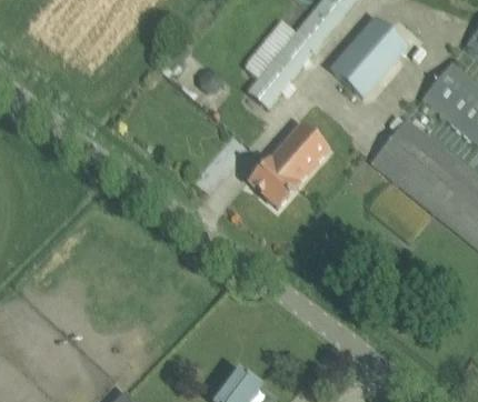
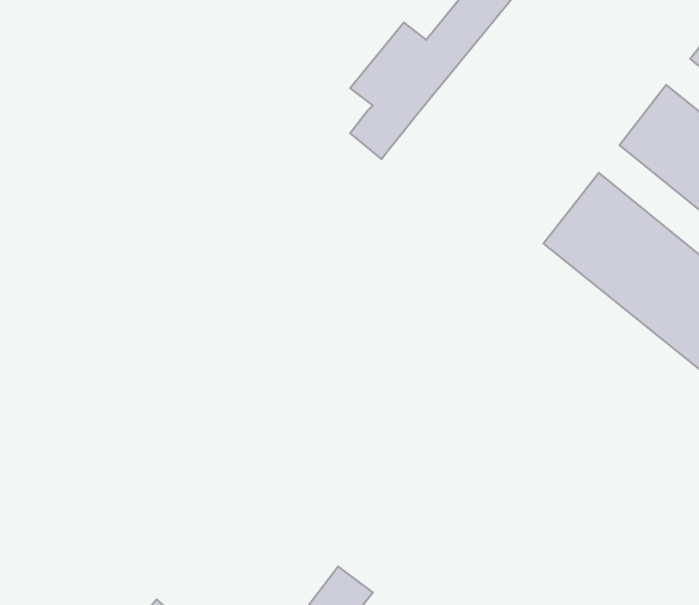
building: [331,18,407,97] -> none
building: [250,123,330,207] -> none

